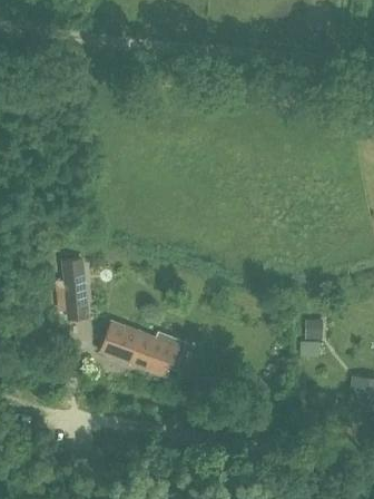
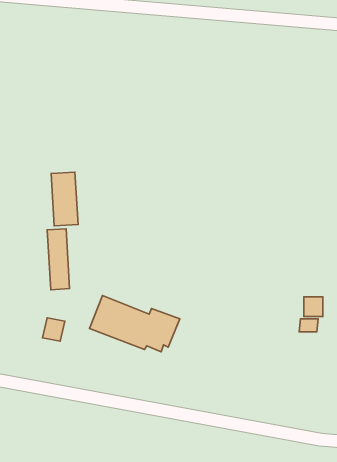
building: none -> [51,172,78,226]

